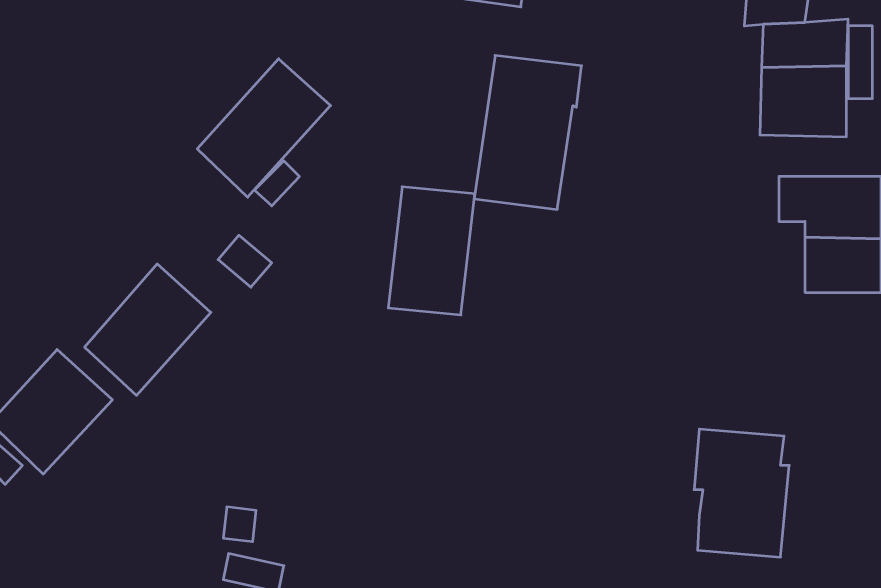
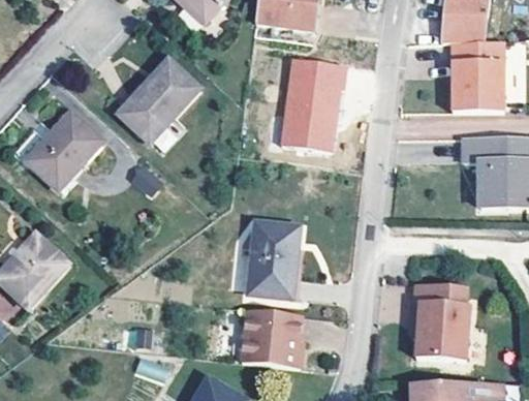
building: [388,187,475,315] -> [247,223,299,300]
building: [85,264,211,395] -> [26,112,101,190]
building: none -> [240,309,301,368]

